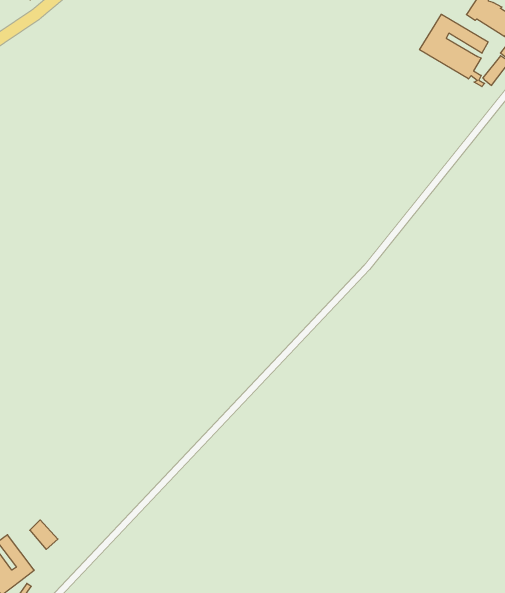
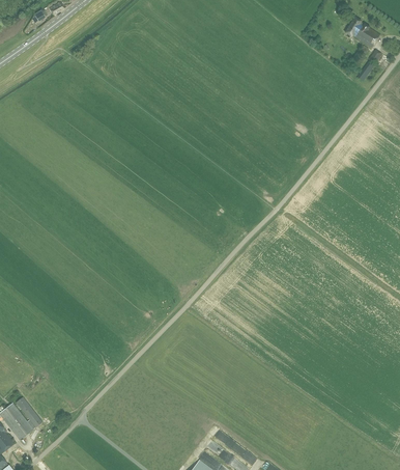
building: [420,14,488,87] -> none

